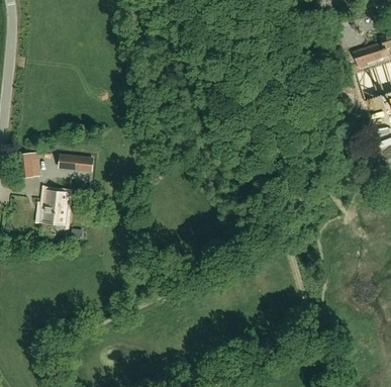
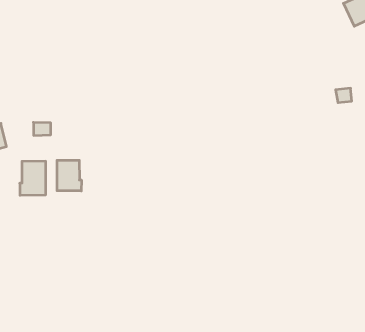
building: none -> [57,160,81,191]

